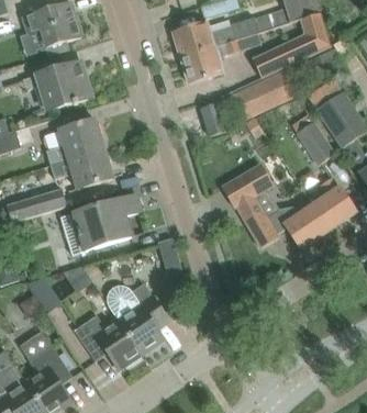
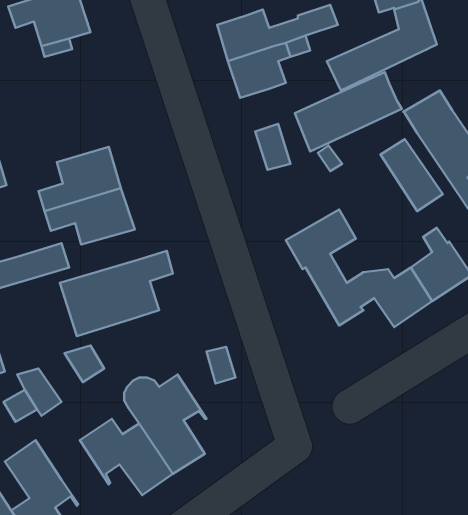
building: [21,60,88,111] -> none

